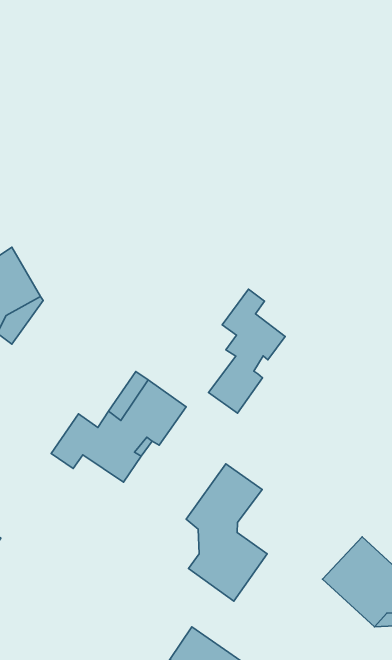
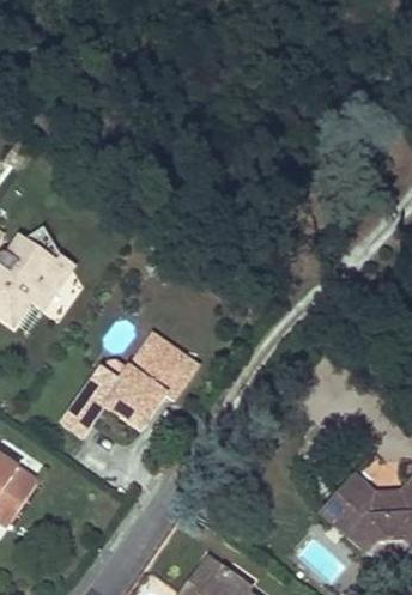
building: [208,289,285,413] -> none
building: [186,464,267,601] -> none

